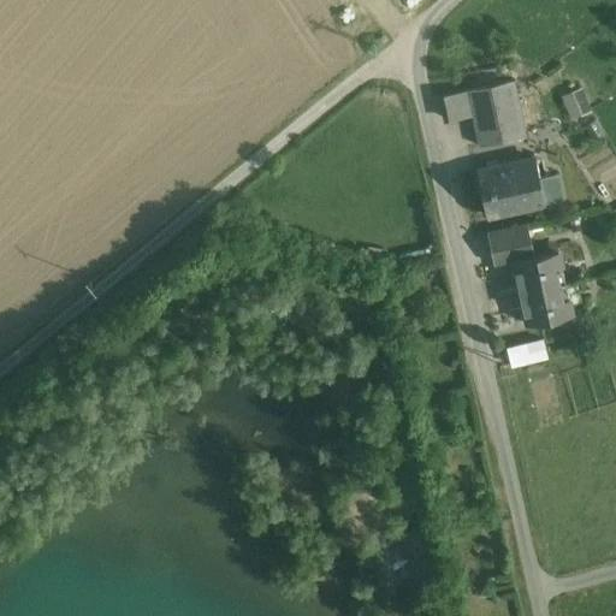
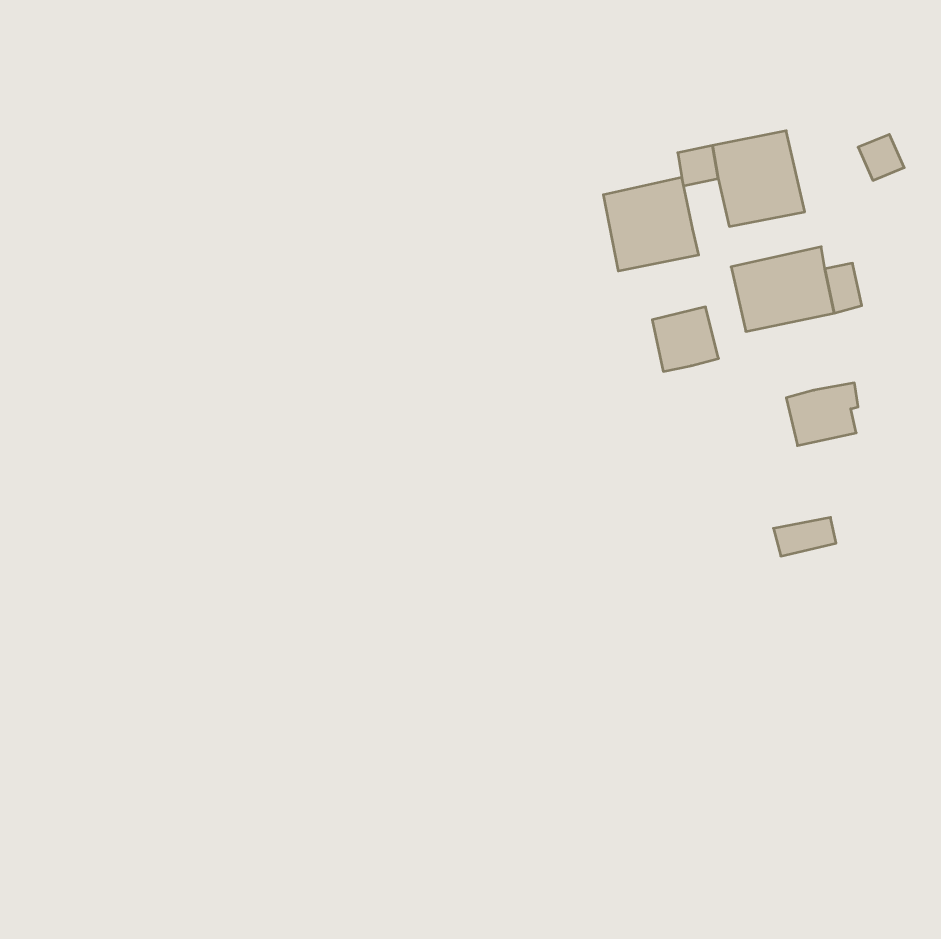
building: none -> [603,177,699,271]
building: [488,223,532,265] -> [652,307,719,371]
building: [521,284,571,325] -> none

